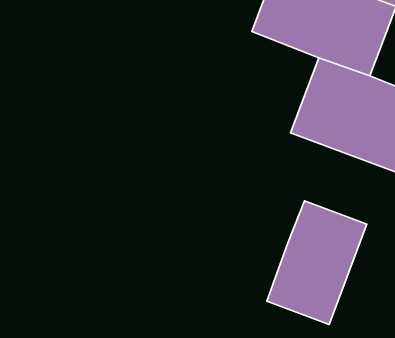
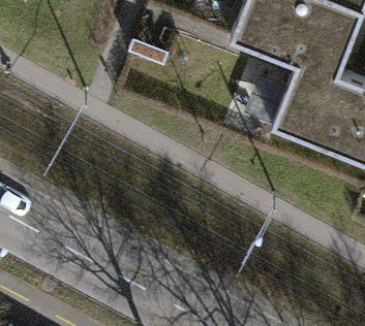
building: [267,201,367,324] -> none

